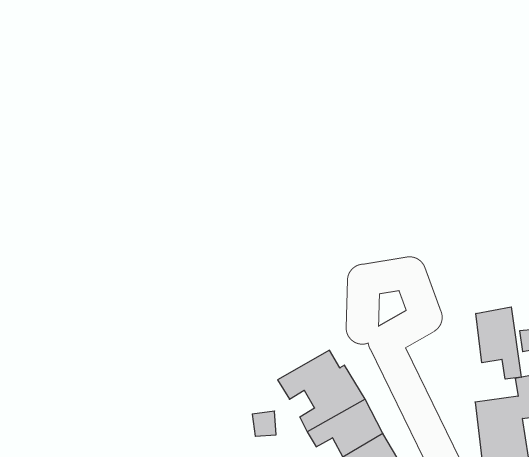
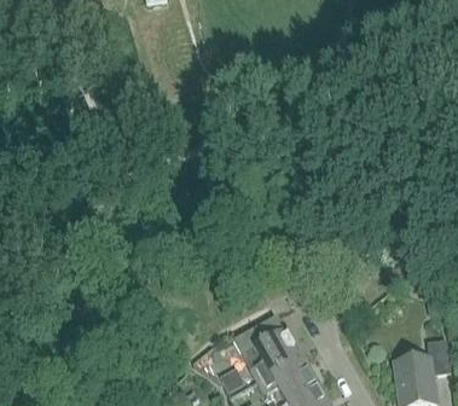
building: [476,307,521,379] -> none

